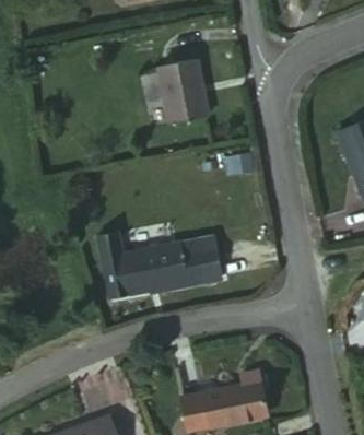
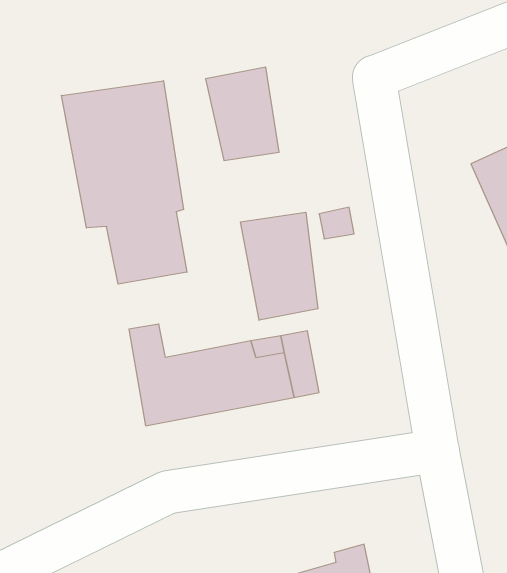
building: none -> [61,81,187,284]
building: none -> [240,212,318,320]

